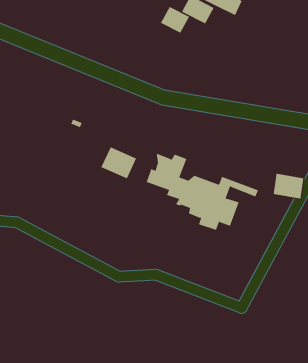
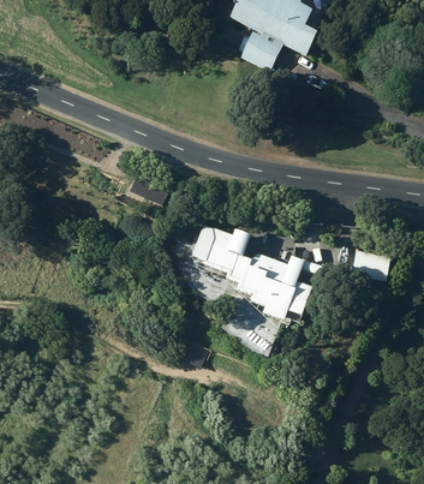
building: [160,6,190,34] -> none
building: [100,147,137,179] -> none

